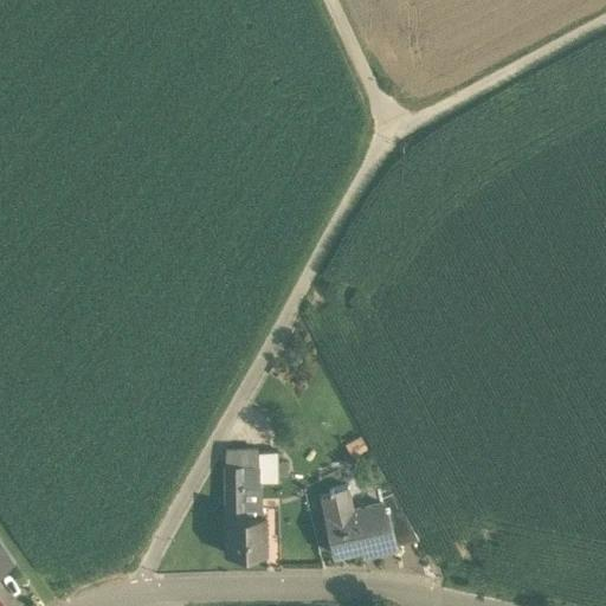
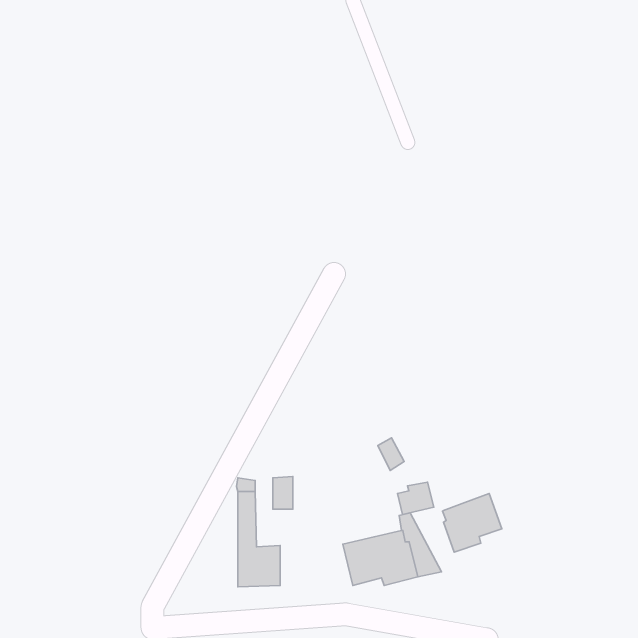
building: none -> [442,494,502,552]
building: [321,485,355,516] -> [398,482,434,515]

